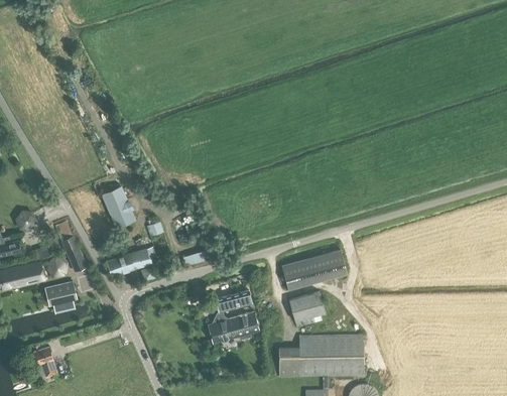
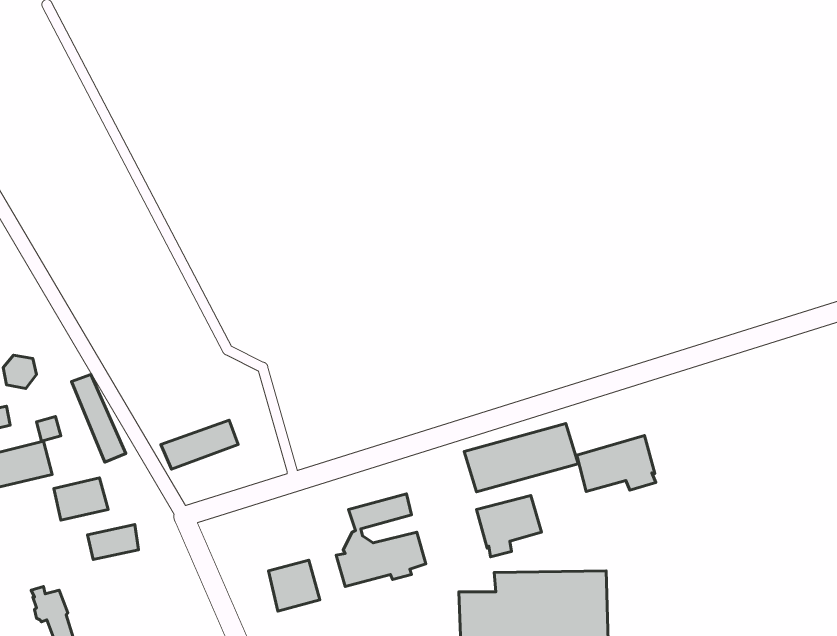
building: [102,186,136,228] -> none
building: none -> [577,436,656,491]
building: none -> [88,524,139,560]
building: none -> [269,560,320,611]

